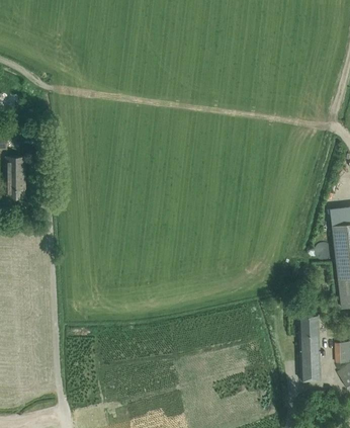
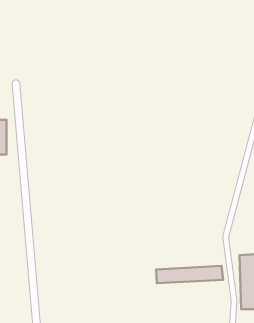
building: none -> [156,266,223,283]

